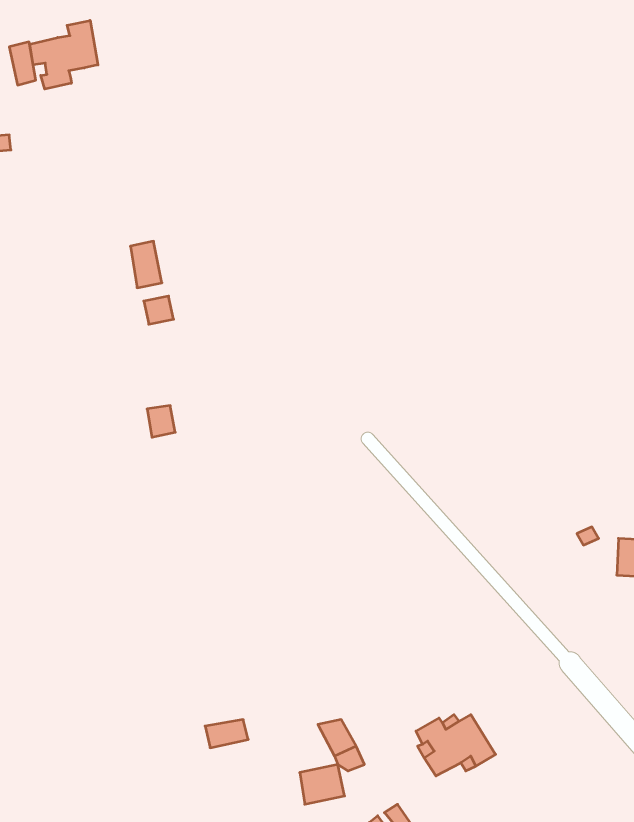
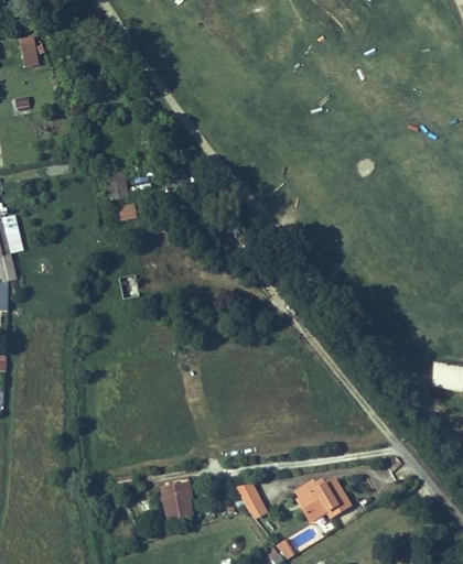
building: [30,20,98,89] -> none
building: [300,764,345,804] -> [161,496,191,522]

